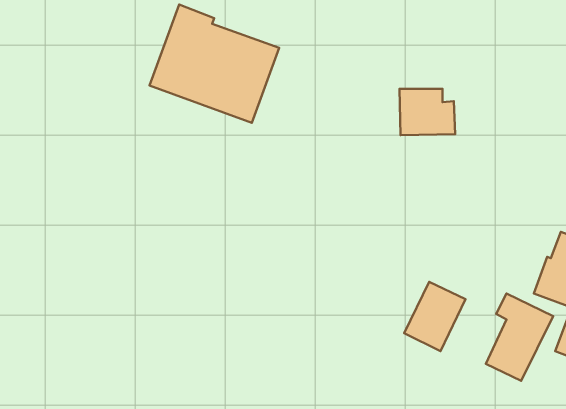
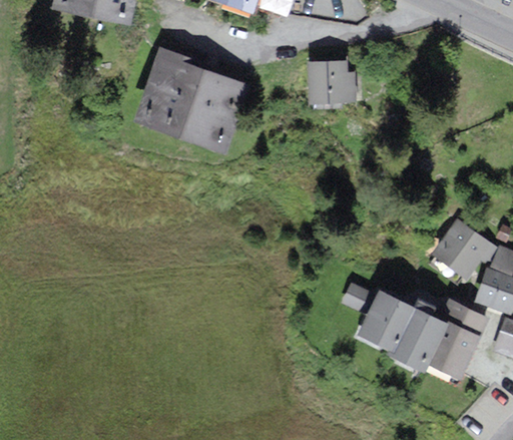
building: [399,89,455,135] -> [307,63,356,104]
building: none -> [431,222,496,281]
building: none -> [392,307,450,370]

